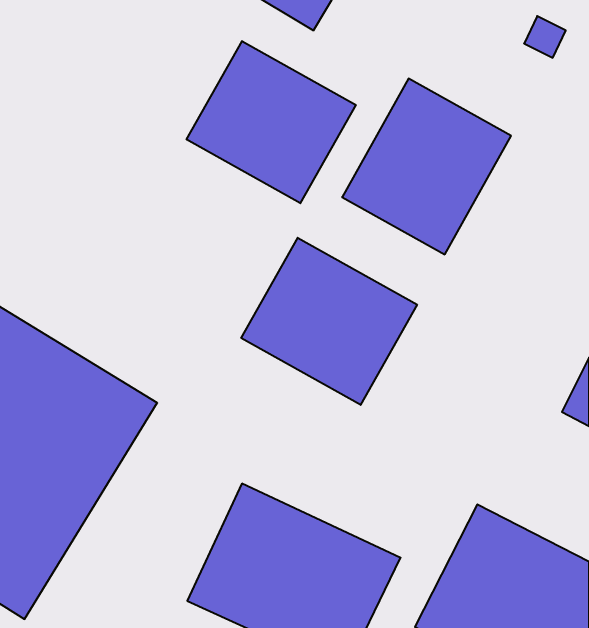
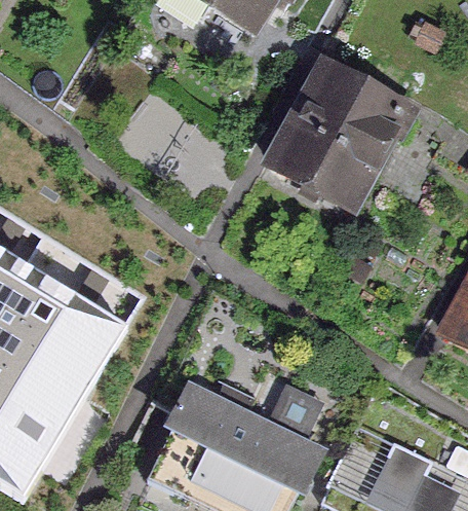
building: [187,41,356,203] -> none
building: [241,238,417,405] -> none

